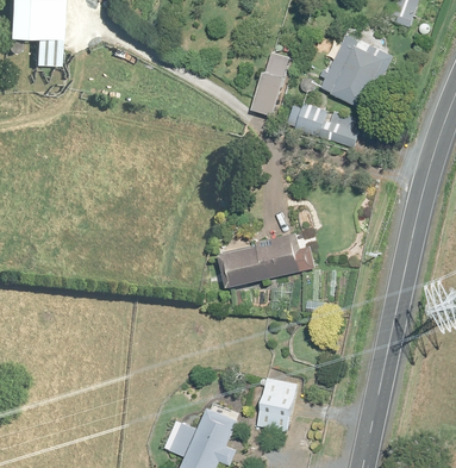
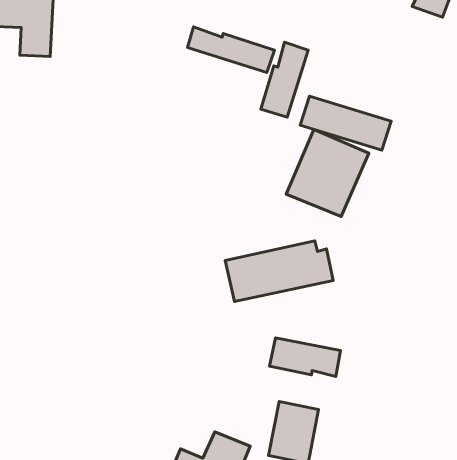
building: [319,35,394,113] -> [286,130,369,216]
building: none -> [187,27,274,73]
building: none -> [270,338,341,376]

